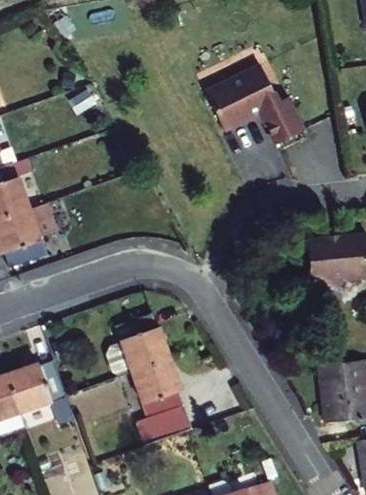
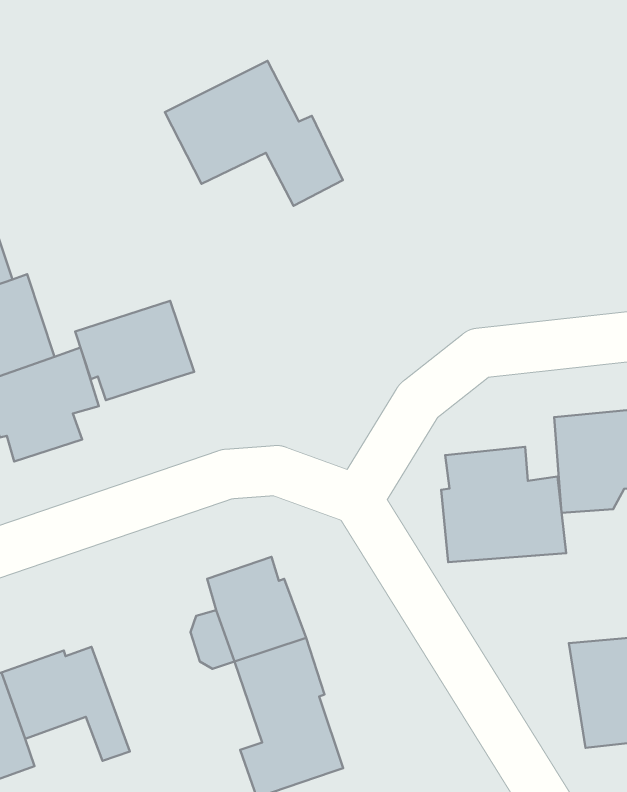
building: [206,63,303,142] -> [165,61,343,206]
building: none -> [75,301,194,400]
building: none -> [441,447,566,562]

